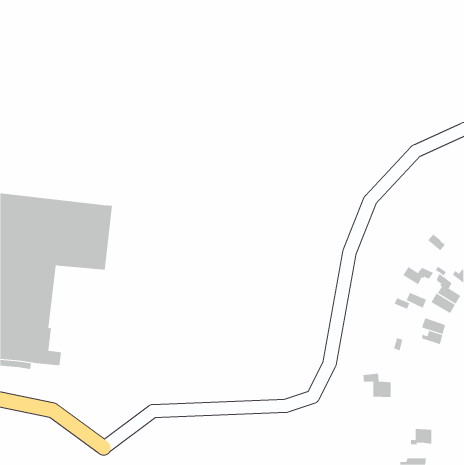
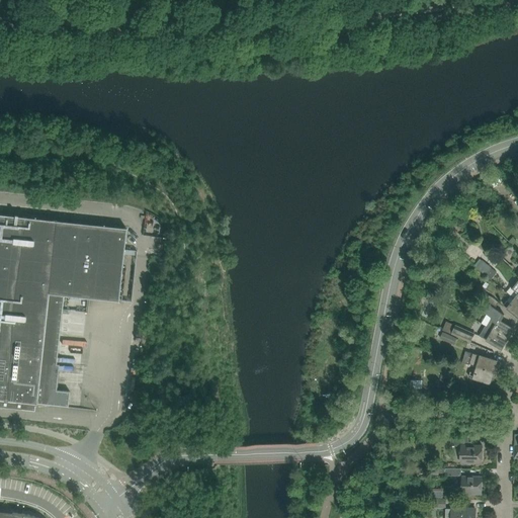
building: [403,266,434,285] -> none
building: [362,373,391,398] -> [449,436,482,463]

